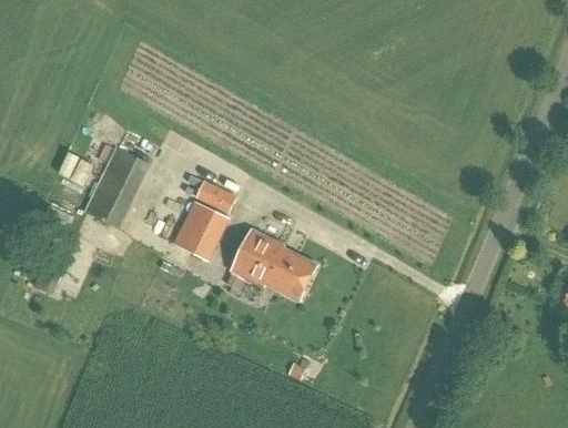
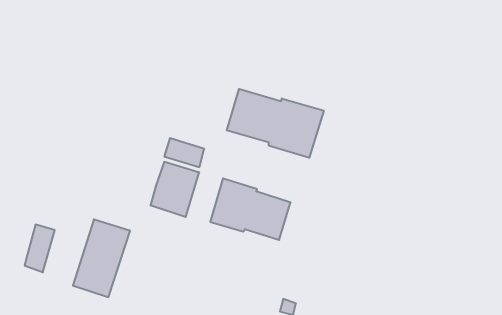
building: none -> [227,89,324,158]
building: [84,146,152,228] -> [73,219,130,297]

